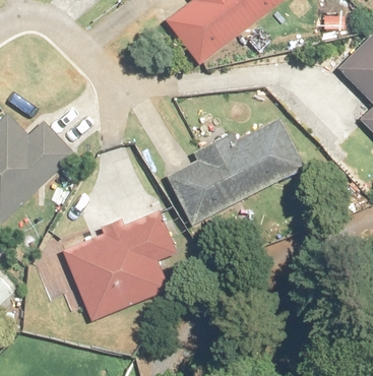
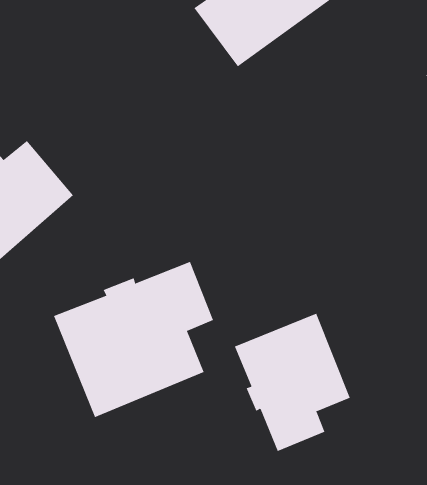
building: [167,121,305,227] -> none
building: none -> [234,313,350,452]

